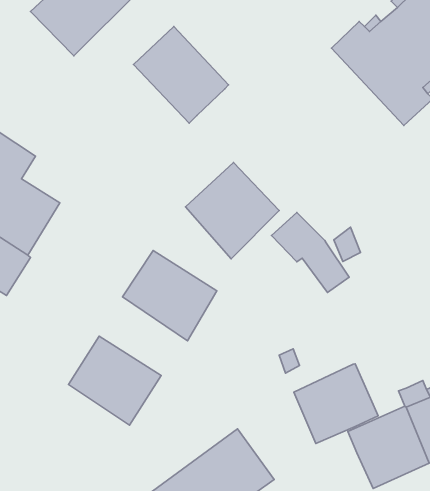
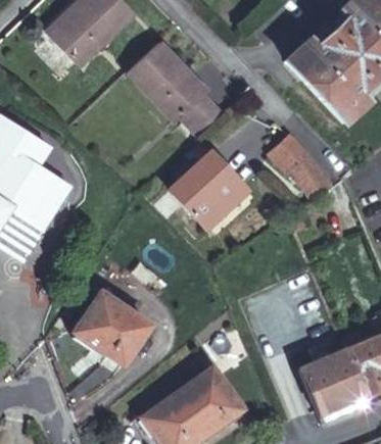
building: none -> [179,93,222,135]
building: [272,213,349,292] -> [268,134,330,198]
building: [123,251,217,341] -> none
building: [294,364,378,443] -> none

